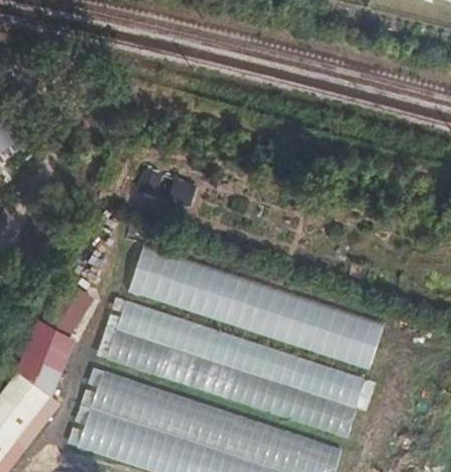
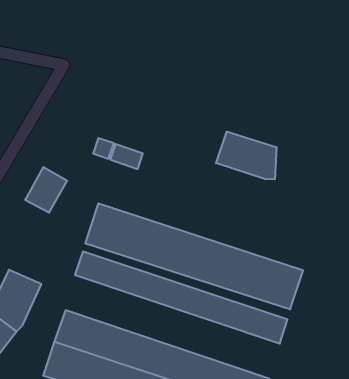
building: none -> [216,132,277,179]
building: [44,282,94,336] -> [25,167,67,213]
building: [107,331,357,439] -> none

